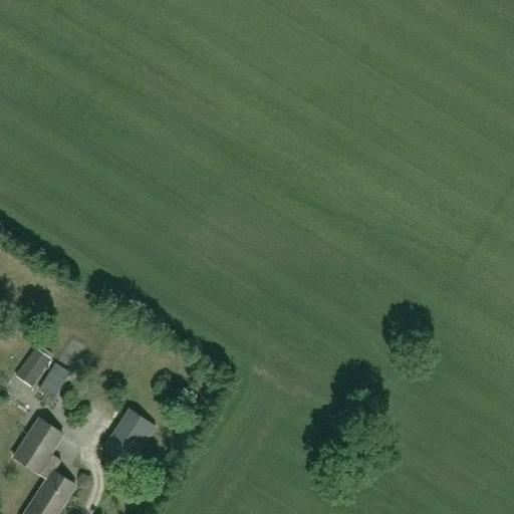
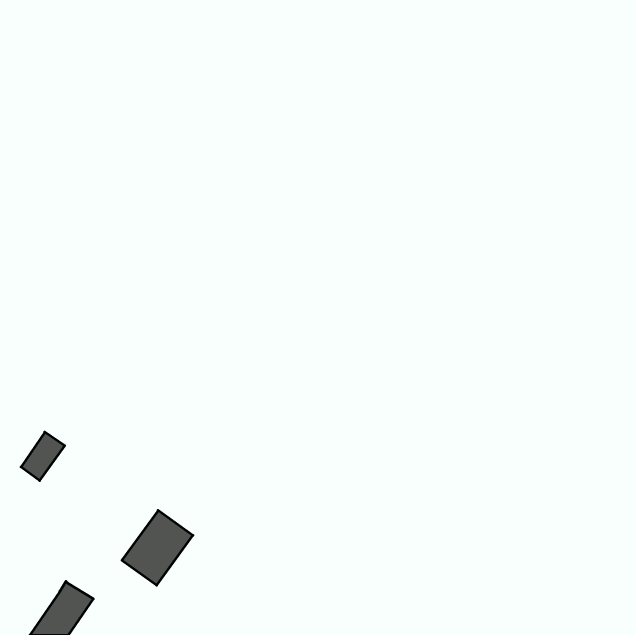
building: [37,360,70,398] -> none
building: [14,418,63,477] -> none

